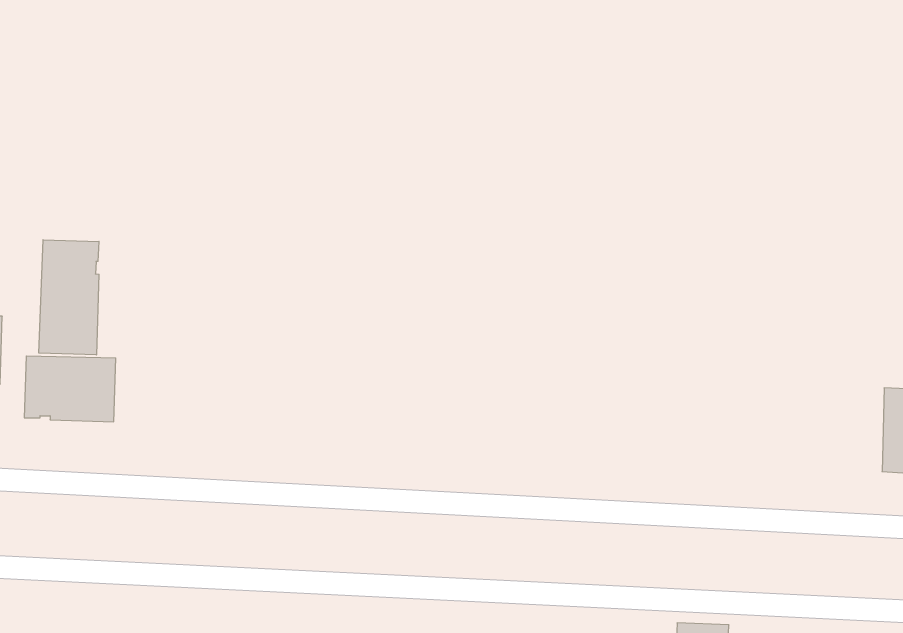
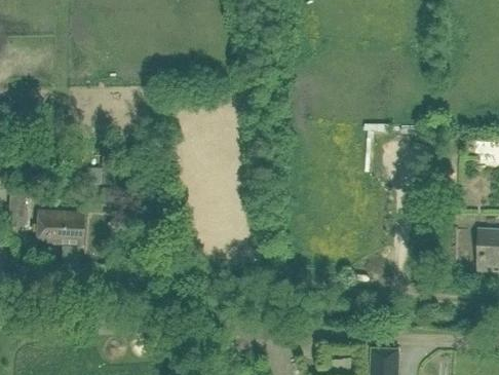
building: [39,240,99,355] -> none

